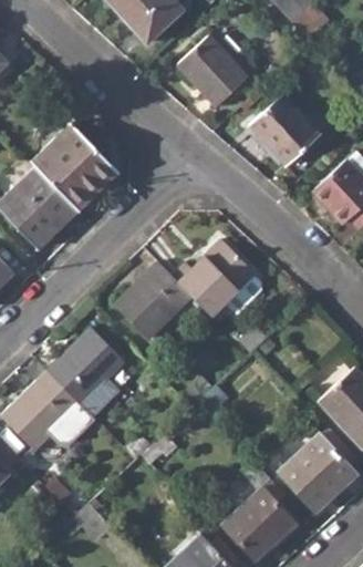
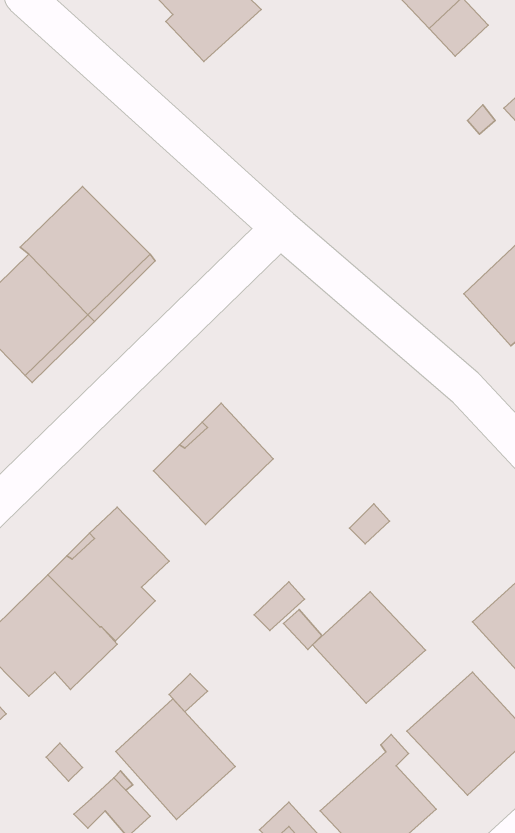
building: [177,35,247,106] -> none
building: [248,93,321,166] -> none
building: [173,239,261,320] -> none
building: none -> [313,592,425,703]
building: none -> [116,699,235,819]

